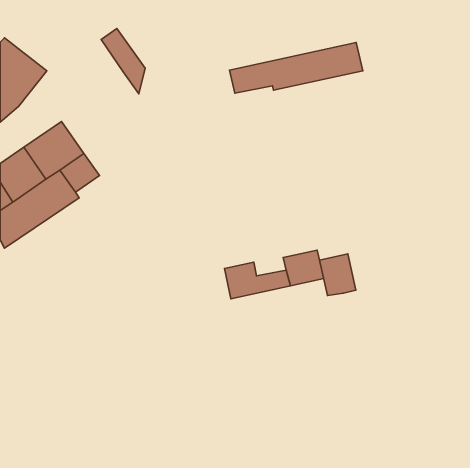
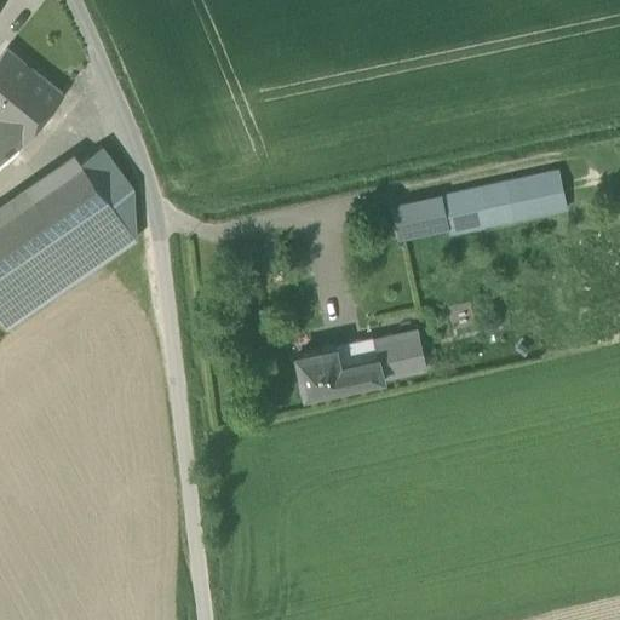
building: [101,29,145,94] -> [81,148,139,234]
building: [229,42,363,93] -> [390,173,566,240]
building: [320,254,356,295] -> none
building: none -> [334,339,377,366]

